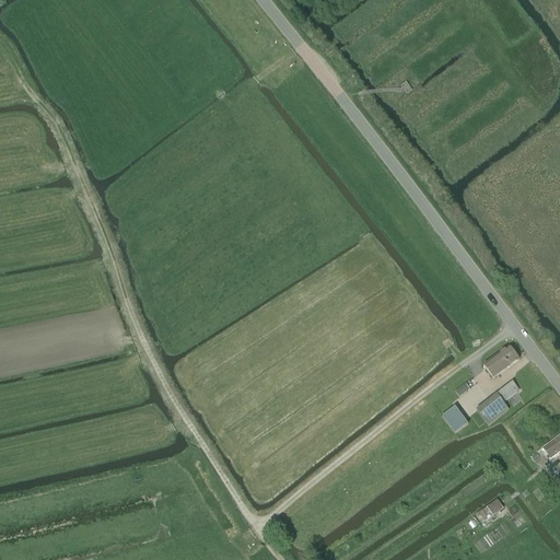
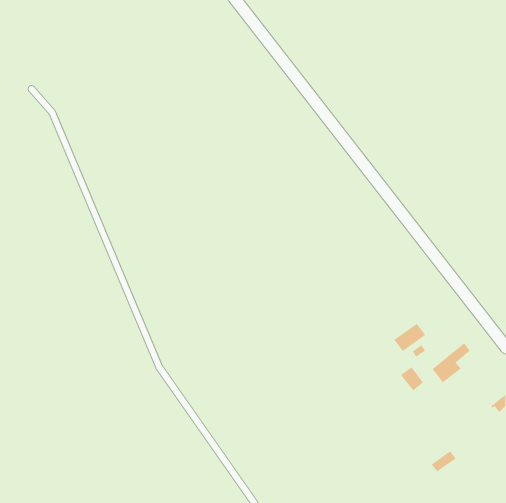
building: [483,345,520,376] -> [393,323,426,352]

